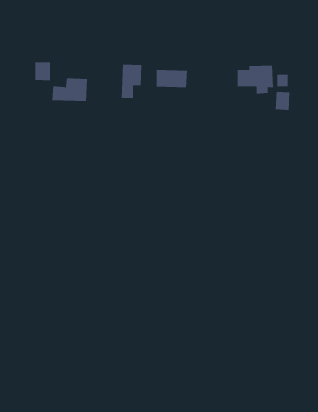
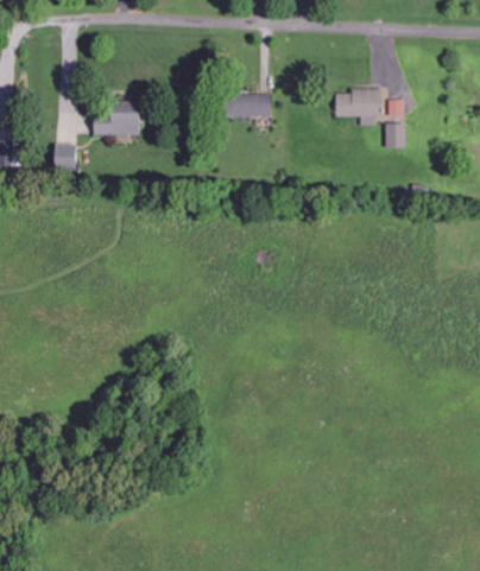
building: [34,62,51,81] -> [55,144,76,169]
building: [121,64,142,99] -> none

